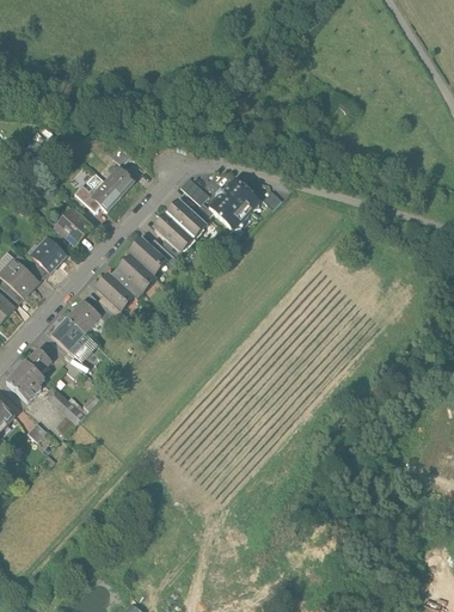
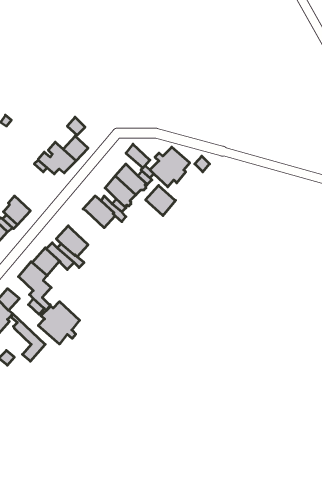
building: [55,208,92,244] -> none
building: none -> [146,185,176,216]
building: [116,255,157,298] -> none
building: none -> [38,302,80,344]

